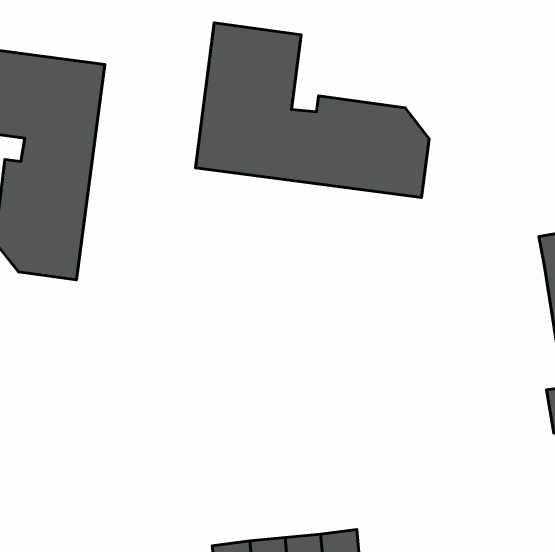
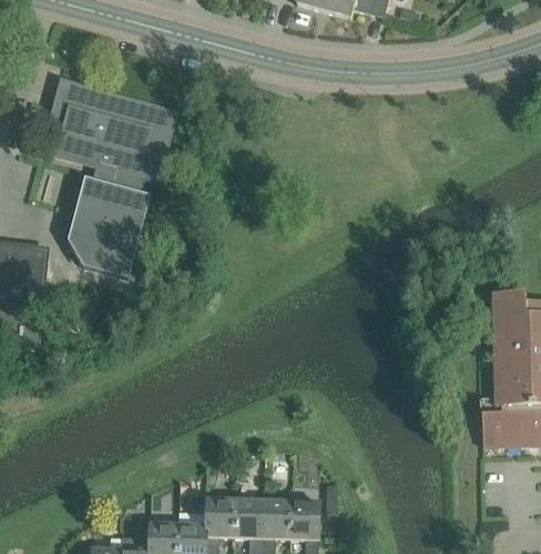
building: [195,23,429,198] -> none

